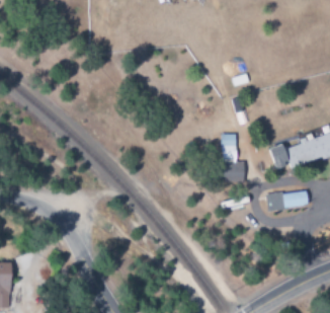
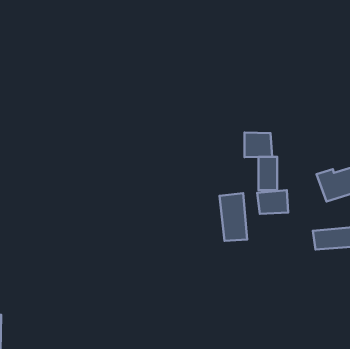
building: none -> [244,132,272,157]
building: none -> [219,193,247,241]

